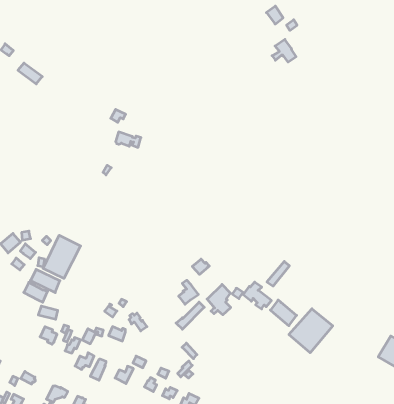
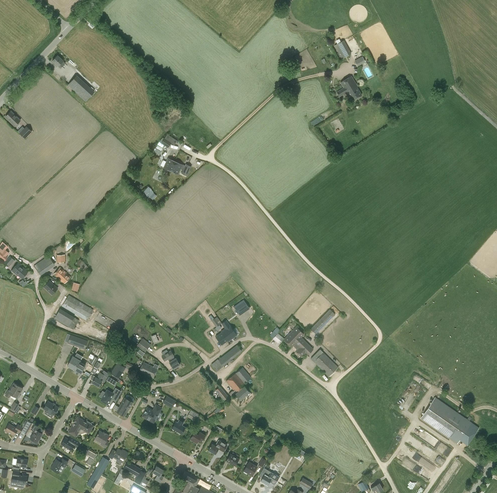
building: [43,235,81,278] -> none
building: [207,284,231,315] -> [226,367,251,399]
building: [289,309,333,353] -> none

